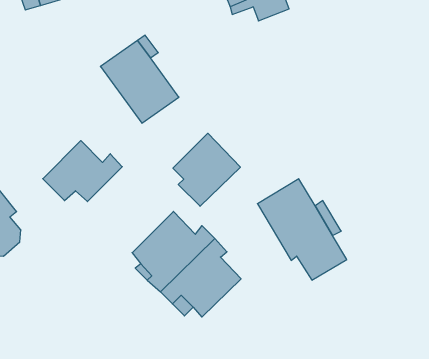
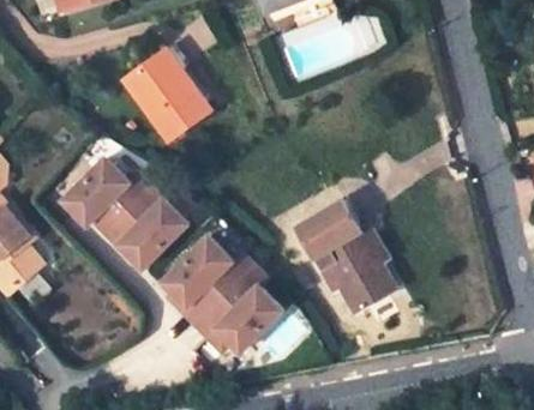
building: [173,133,240,206] -> [112,187,186,267]

